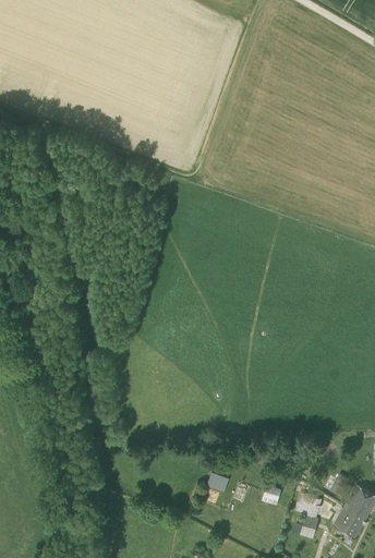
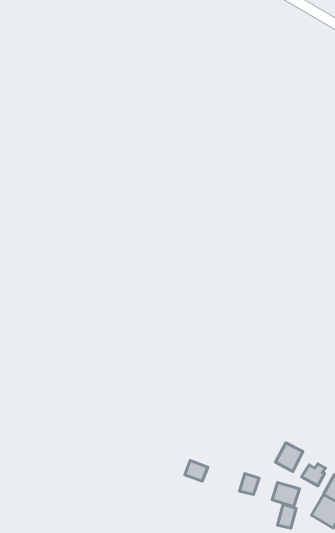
building: none -> [275,443,303,471]

